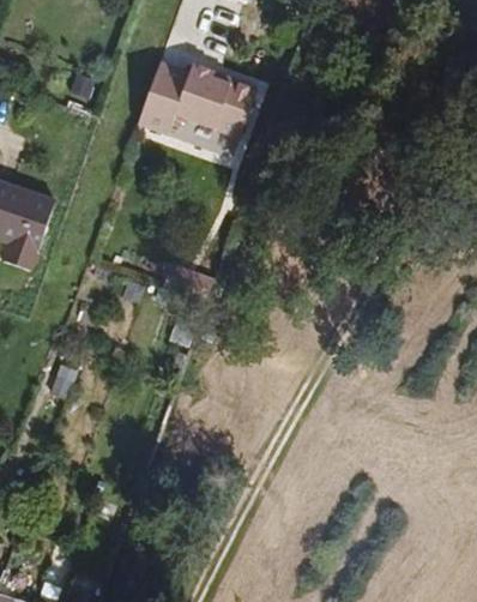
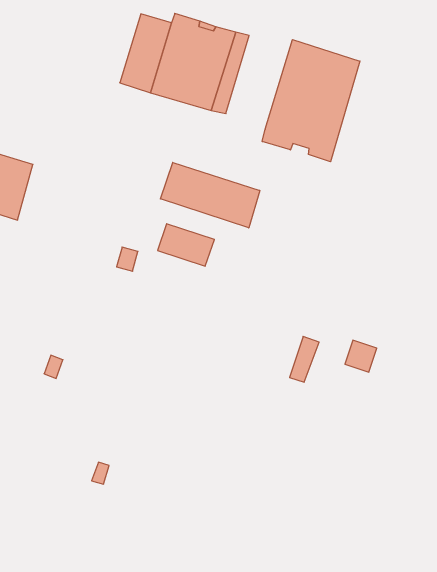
building: none -> [262,40,360,162]
building: none -> [160,162,260,228]

